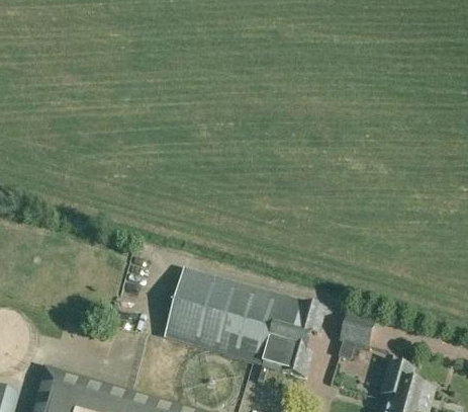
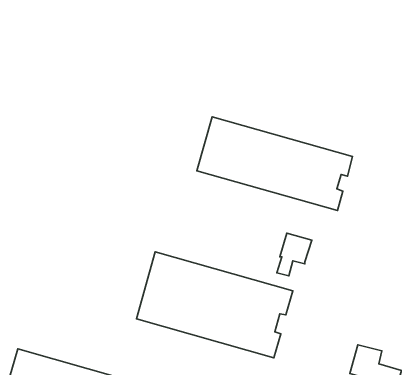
building: none -> [197,117,353,211]
building: [337,315,372,358] -> [277,233,312,276]

